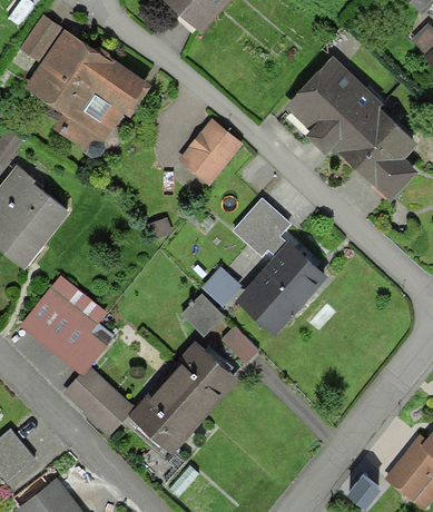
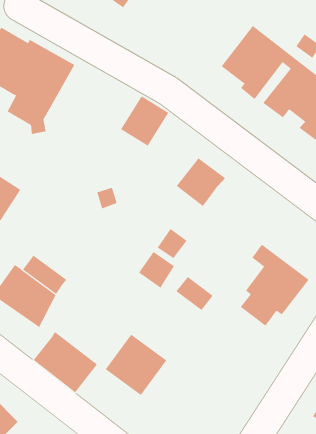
building: [248,233,326,322] -> [240,244,309,326]
building: [70,319,117,373] -> none
building: [167,344,236,413] -> none

